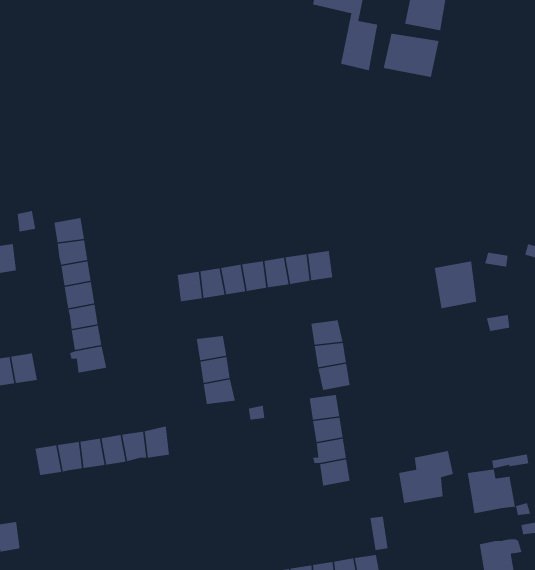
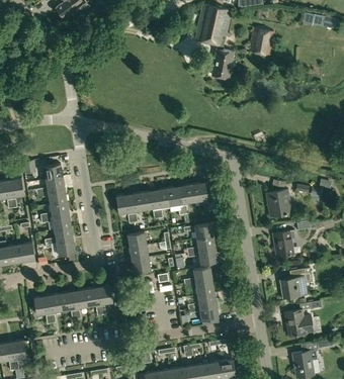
building: [383,33,439,78] -> none
building: none -> [272,230,293,258]
building: [398,450,454,504] -> [279,267,312,298]

